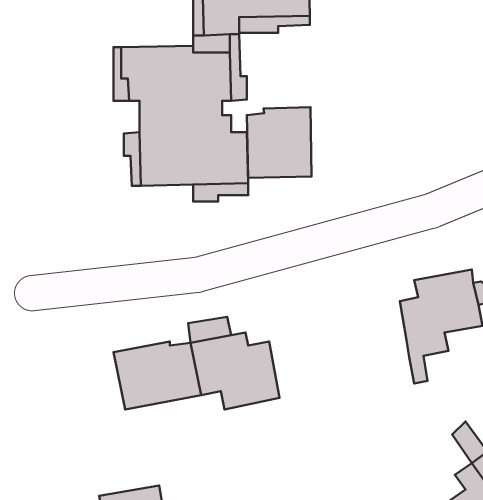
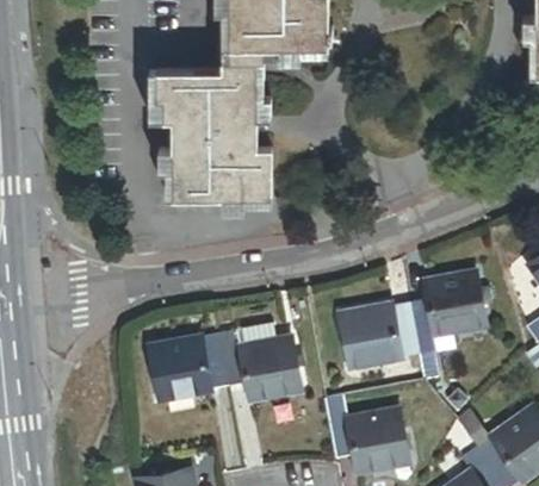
building: [247,107,312,178] -> none
building: none -> [340,301,419,366]
building: none -> [326,394,407,471]

